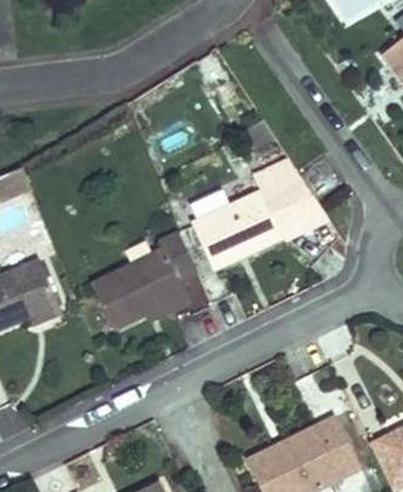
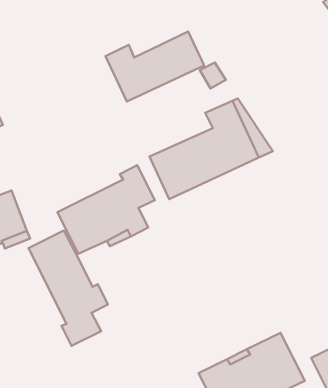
building: none -> [106,32,204,102]
building: none -> [29,231,108,346]

